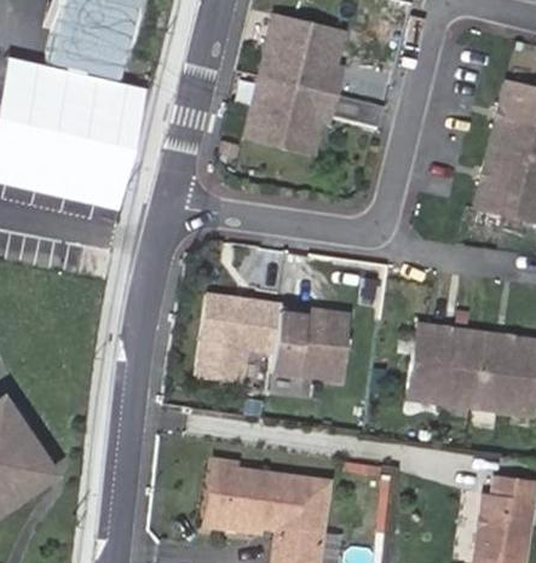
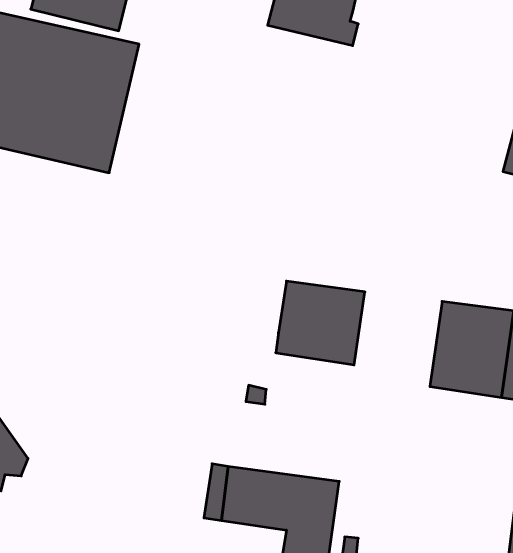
building: [247,75,338,151] -> none
building: [196,294,278,378] -> none

